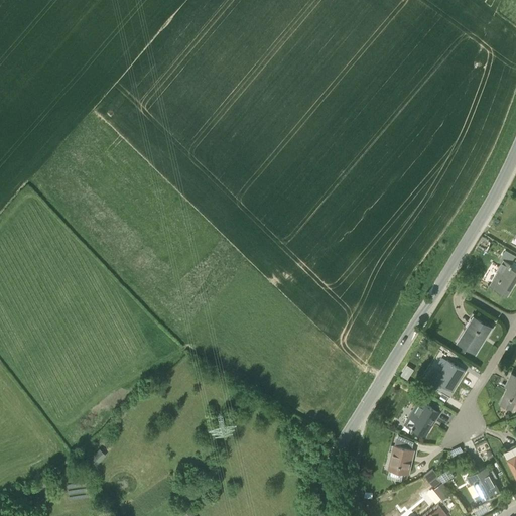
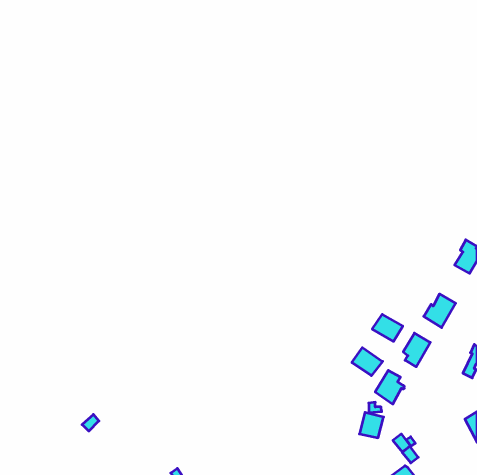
building: none -> [372,314,403,341]
building: none -> [352,348,383,376]
building: [466,468,499,502] -> none

